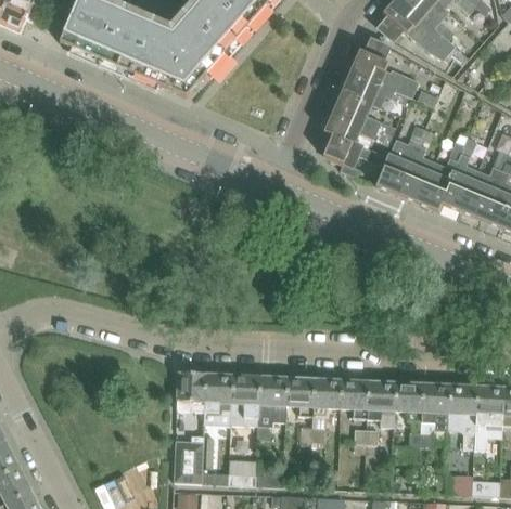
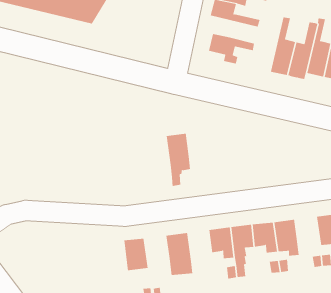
building: [324,110,391,145] -> none
building: [376,123,423,193] -> none
building: [202,373,231,425] -> none
building: [256,375,285,439] -> [166,133,191,186]
building: [394,381,422,419] -> none

